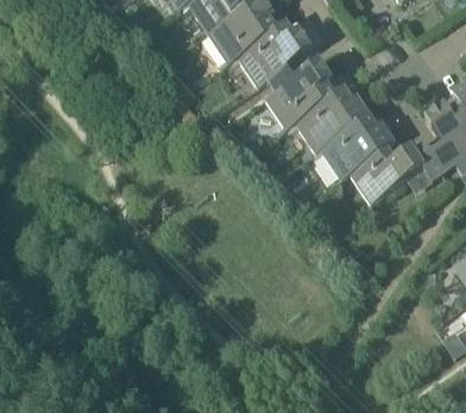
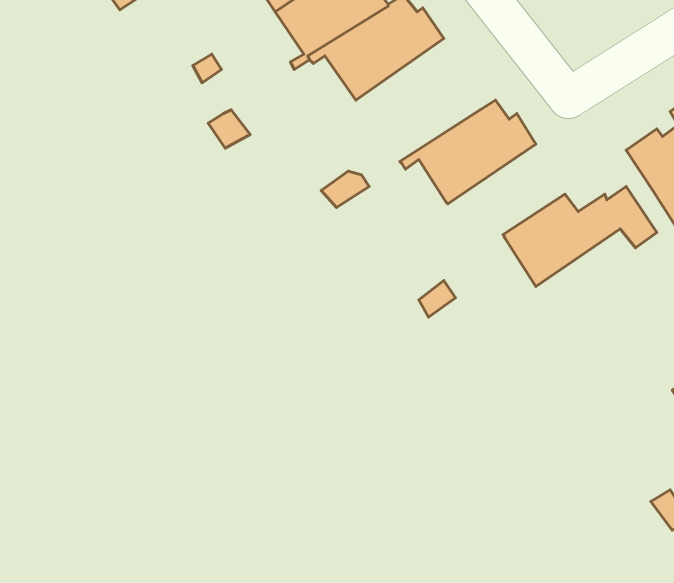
building: [264,58,335,132] -> none
building: [311,113,395,177] -> none

